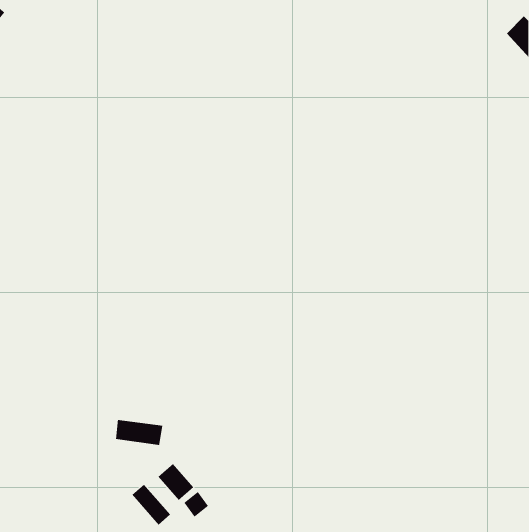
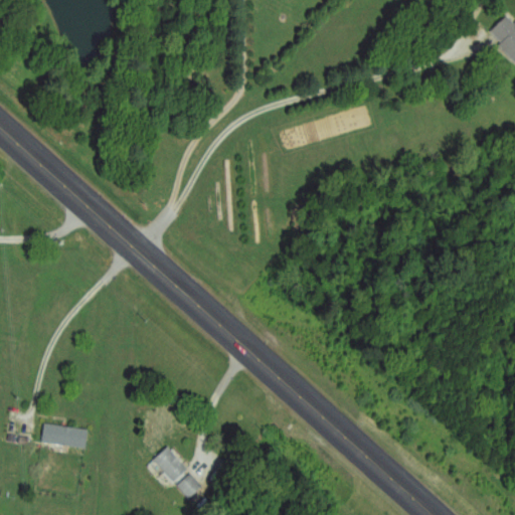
building: [115,419,163,445] -> [41,423,88,449]
building: [132,484,171,525] -> none

